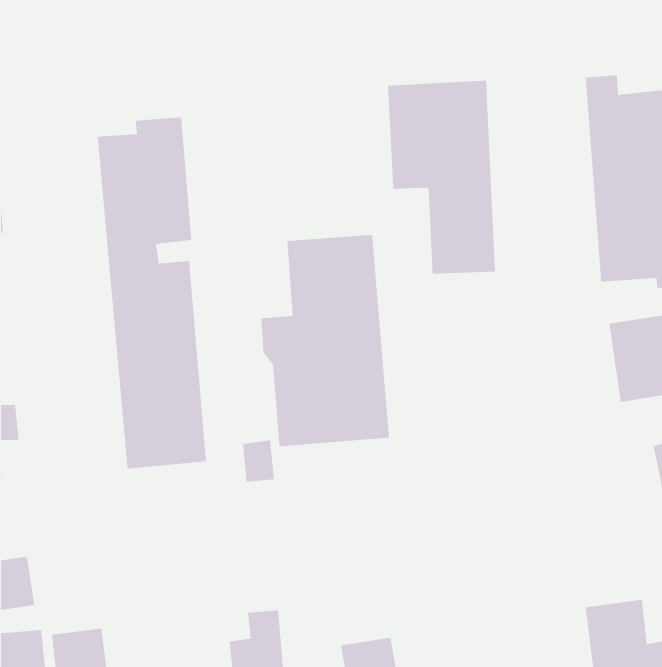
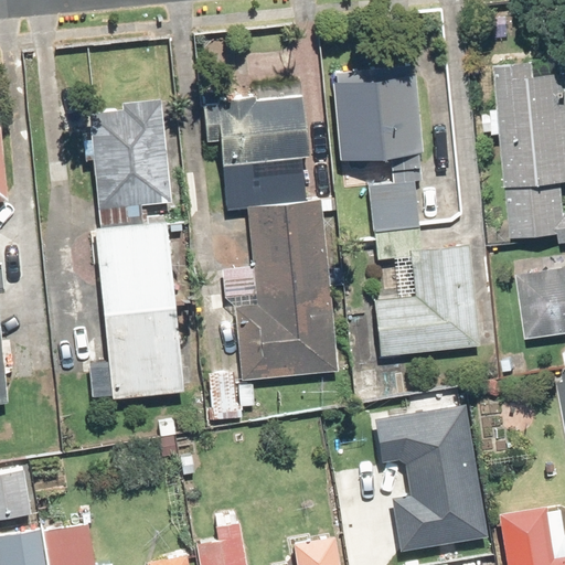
building: none -> [204,95,311,205]
building: none -> [370,231,475,356]
building: none -> [374,404,487,551]

